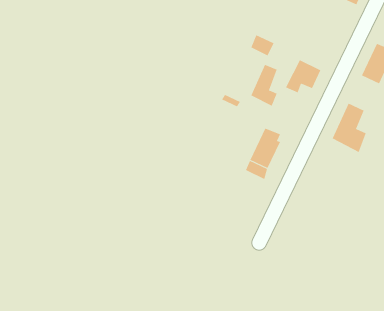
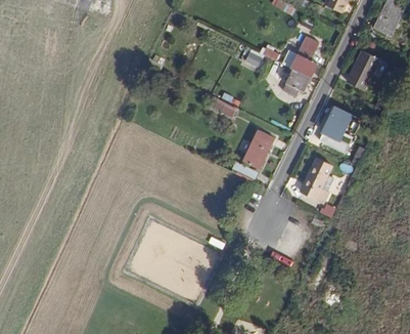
building: [250,64,278,106] -> [289,37,315,77]
building: none -> [297,160,331,209]

